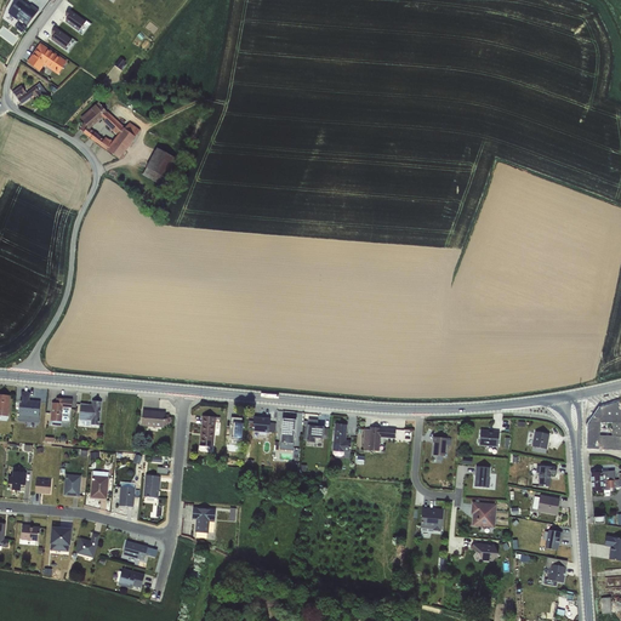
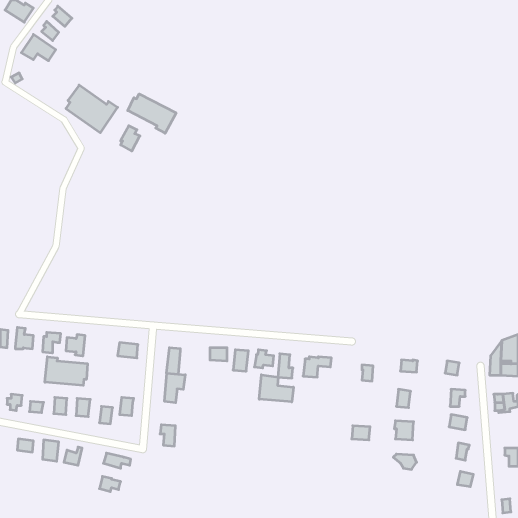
building: none -> [128,94,176,133]
building: none -> [45,357,87,385]
building: none -> [165,373,185,403]
building: none -> [259,375,293,402]

